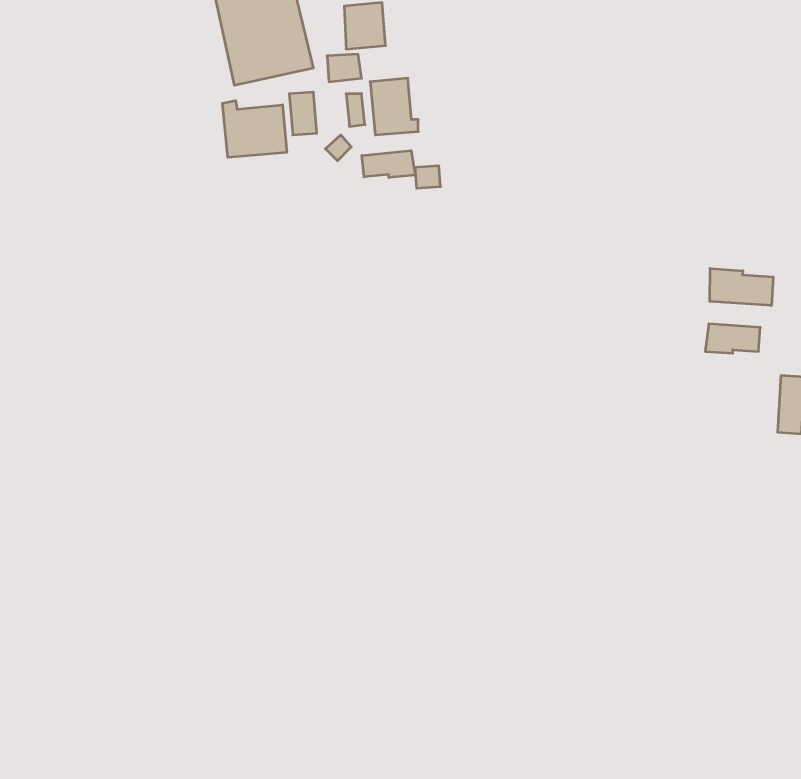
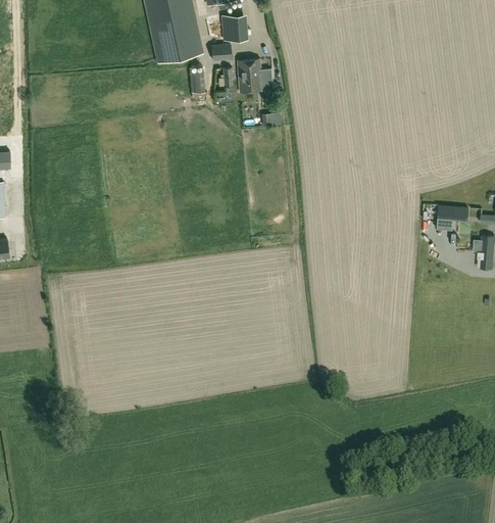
building: [222,101,287,157] -> none
building: [362,151,415,178] -> none
building: [710,268,773,306] -> none

